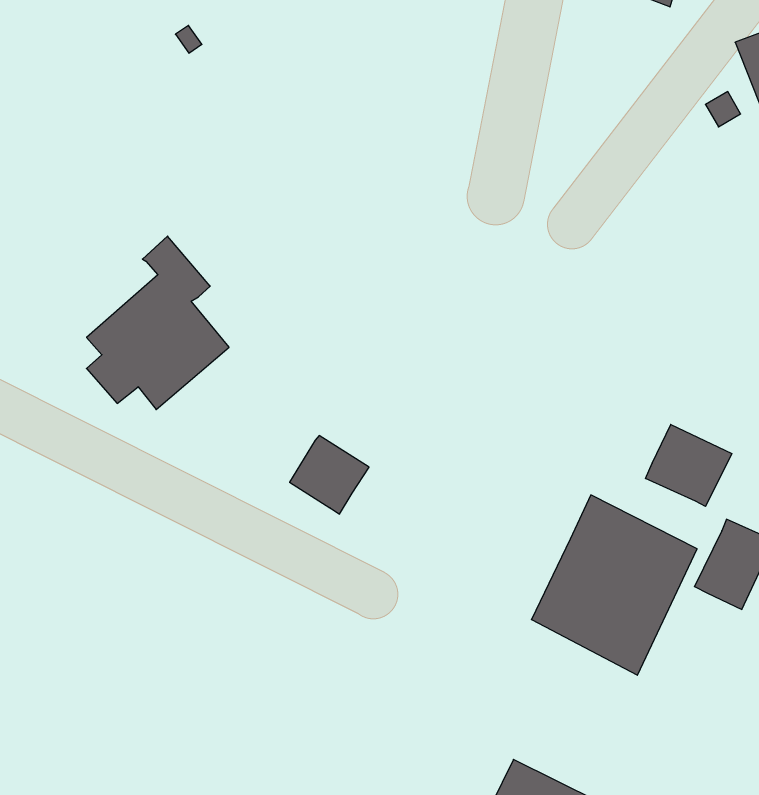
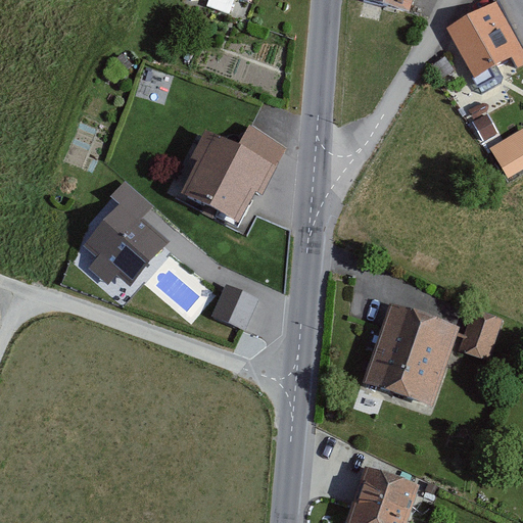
building: none -> [180,124,287,223]
building: [646,424,732,506] -> none

